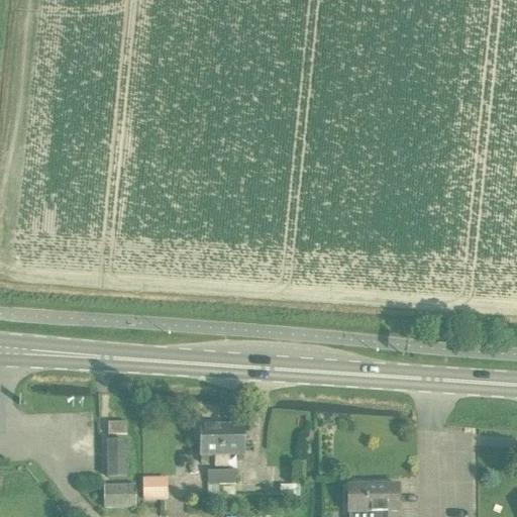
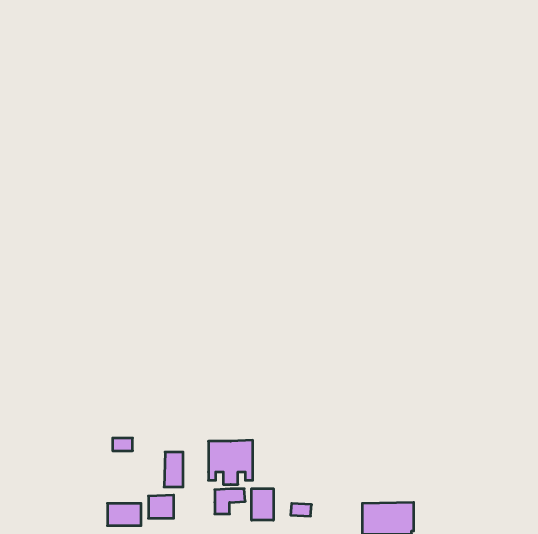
building: [107,440,125,474] -> [164,452,183,487]
building: none -> [252,489,273,520]

